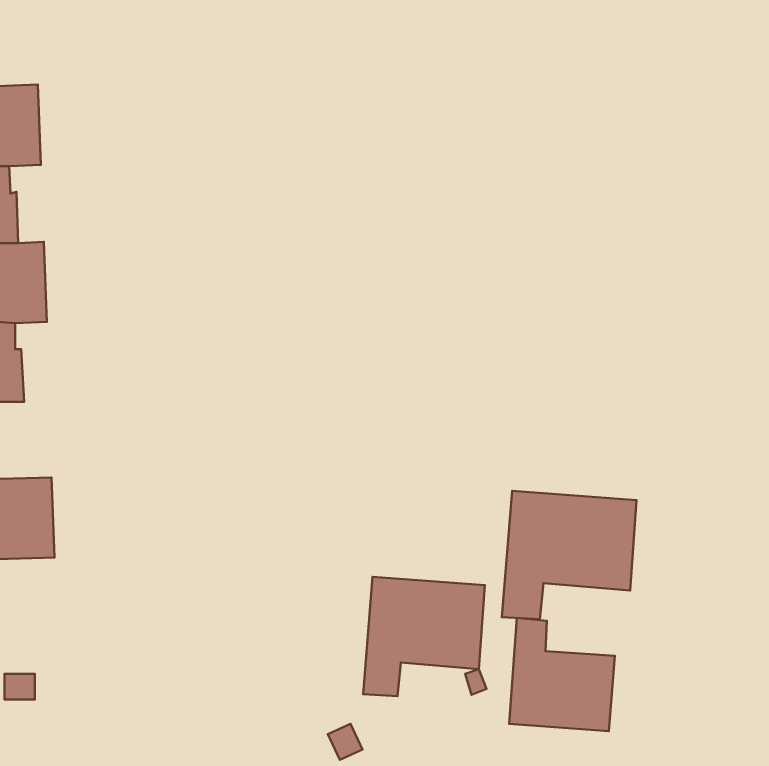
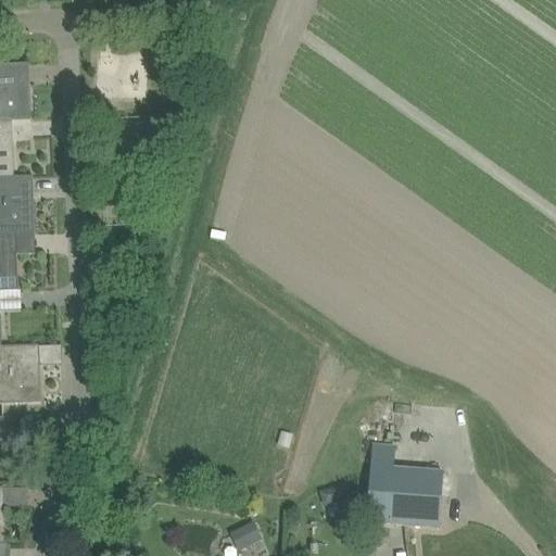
building: [502,491,637,619] -> none
building: [363,577,485,696] -> none

